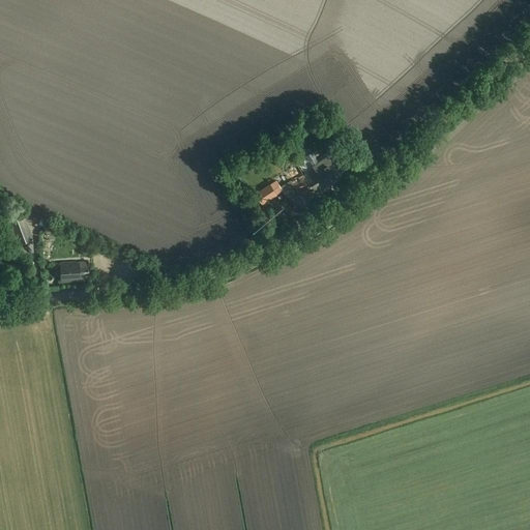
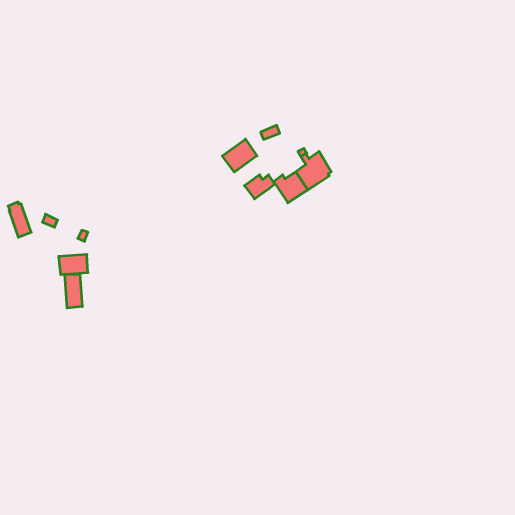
building: none -> [222,139,257,172]
building: none -> [65,274,82,308]

